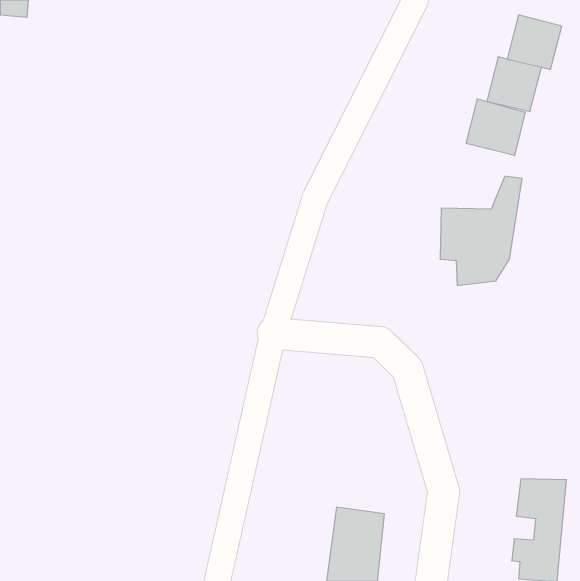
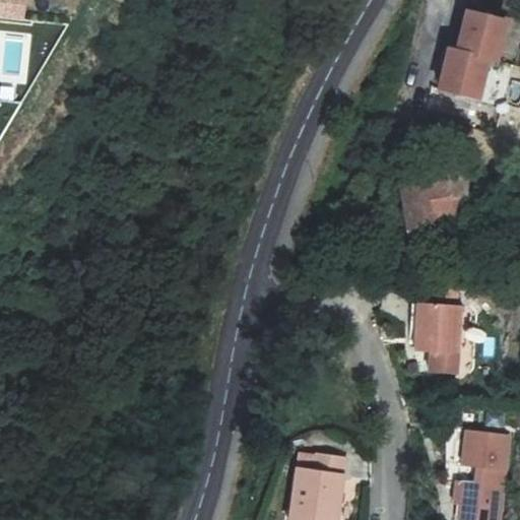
building: [466,99,525,156] -> none
building: none -> [414,303,463,372]

